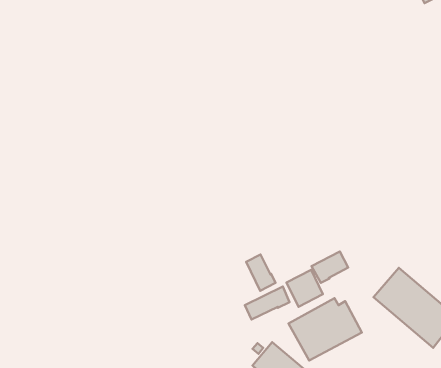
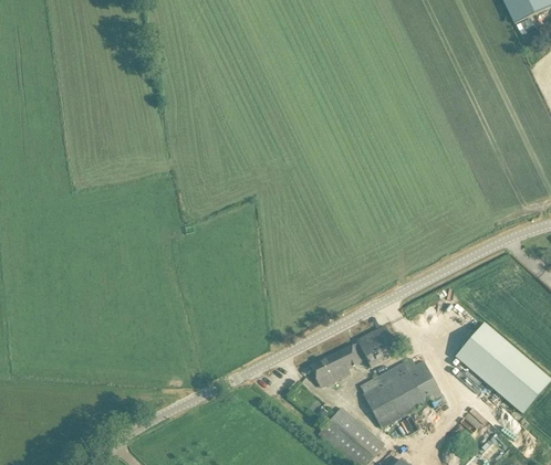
building: [311,251,348,283] -> none
building: [246,255,275,291] -> none

